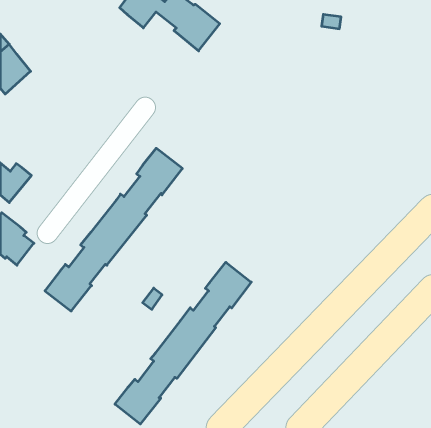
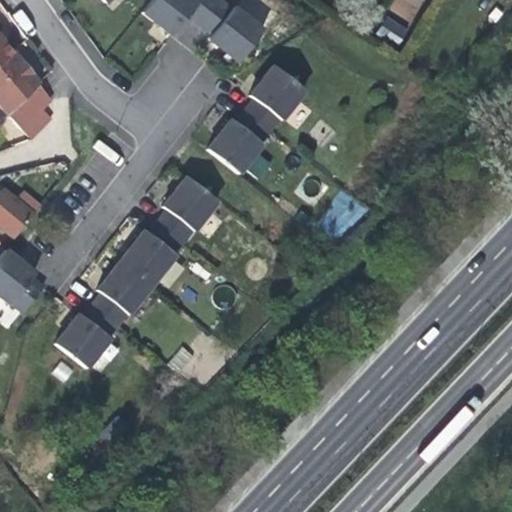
building: none -> [208,65,305,173]
building: none -> [9,84,51,138]
building: [115,262,251,424] -> none

